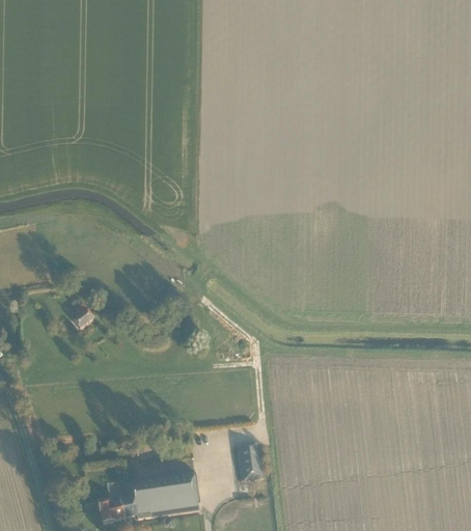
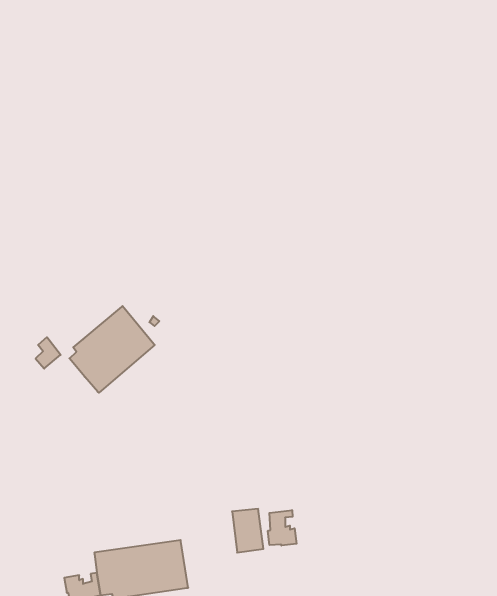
building: none -> [69,306,155,393]
building: none -> [268,510,297,546]

